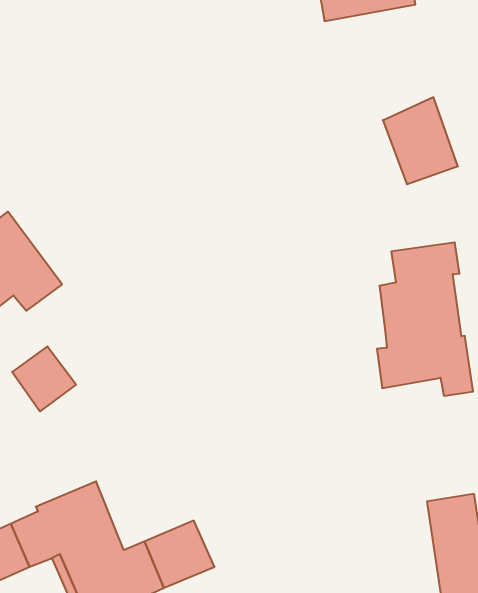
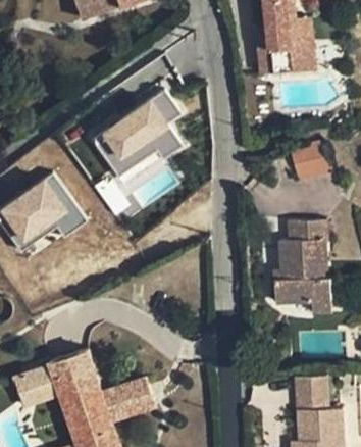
building: none -> [89,95,180,178]
building: [12,346,76,411] -> none

